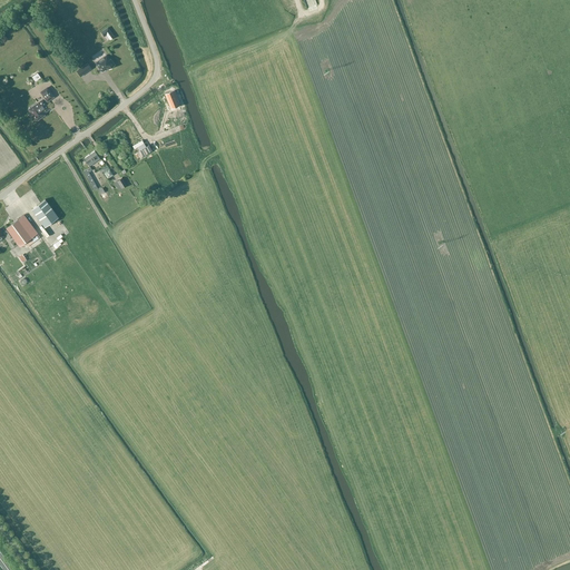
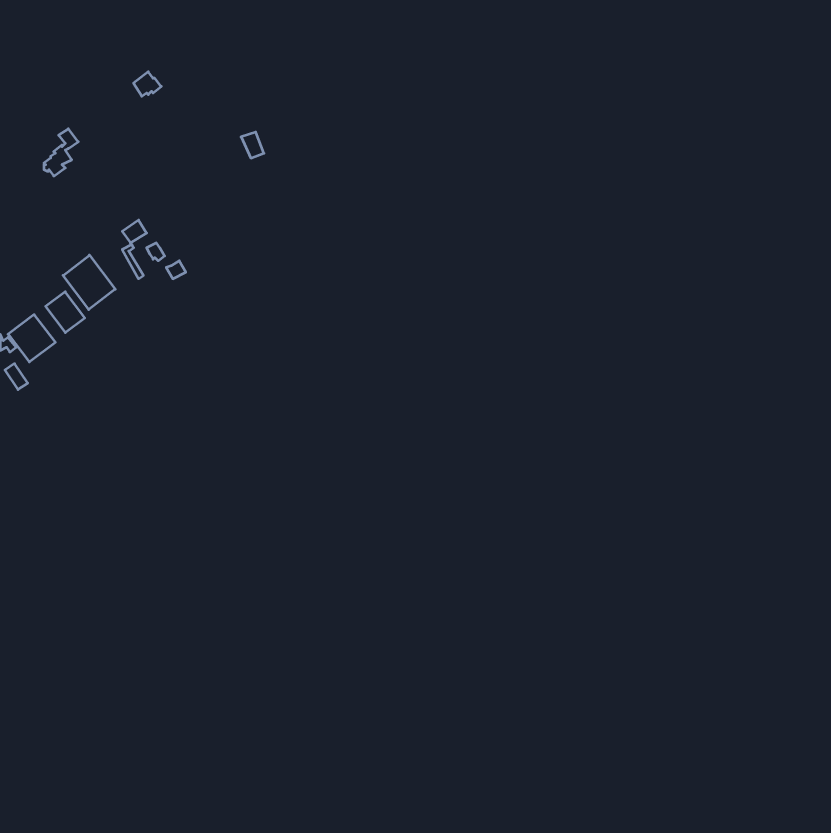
building: none -> [63,255,115,310]

